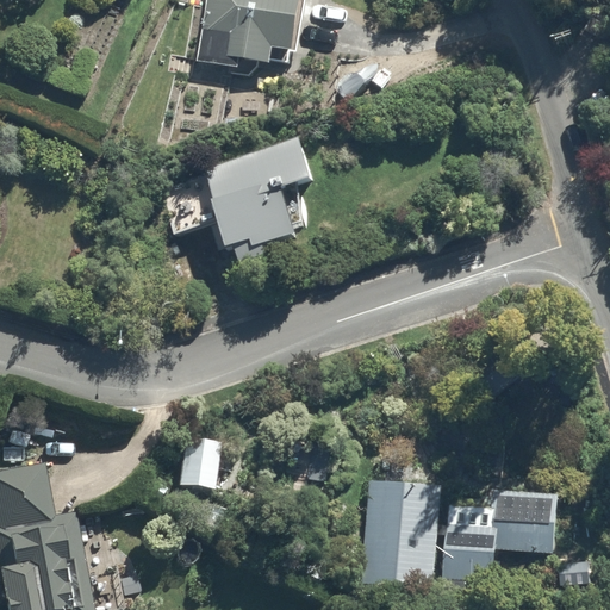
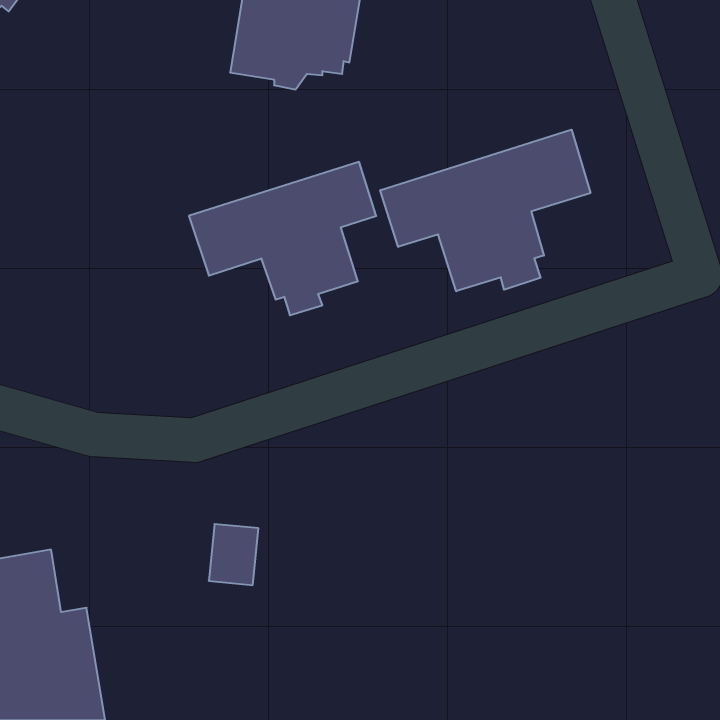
building: none -> [380,130,590,291]
building: [360,480,559,587] -> none

